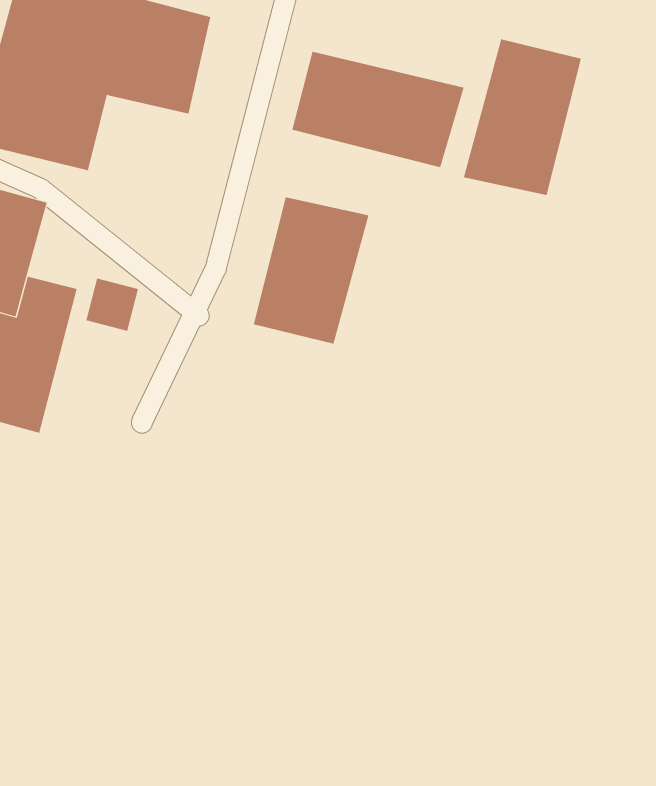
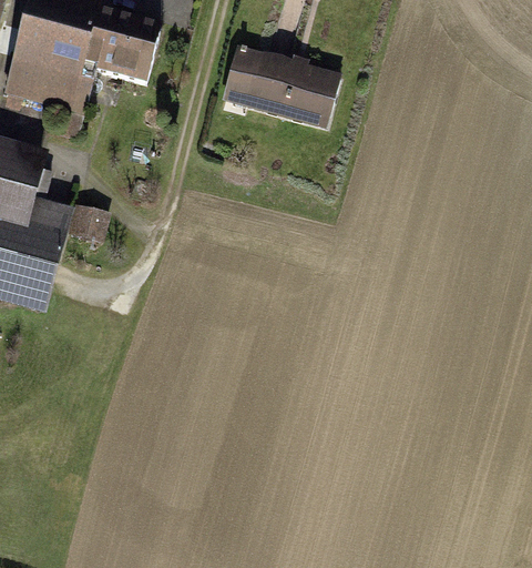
building: [463,38,581,196] -> none
building: [253,196,369,345] -> none

